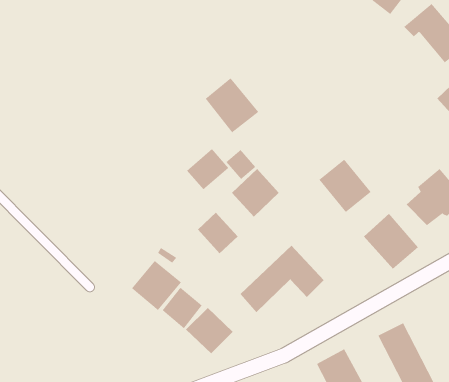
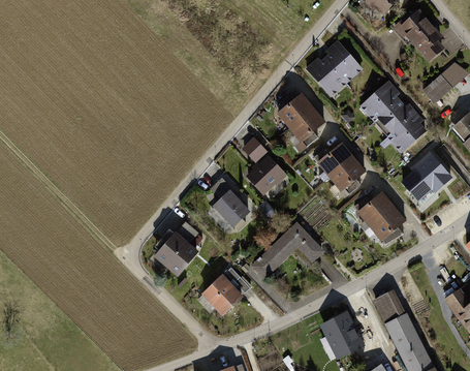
building: none -> [305,40,363,97]
building: [205,78,259,133] -> [279,94,326,143]
building: none -> [359,83,428,154]
building: [186,148,229,190] -> none
building: [162,287,203,329] -> none

